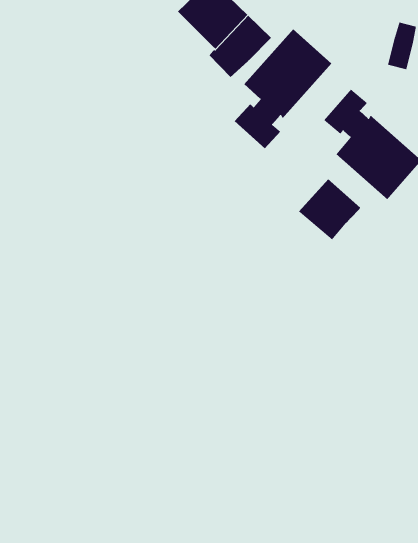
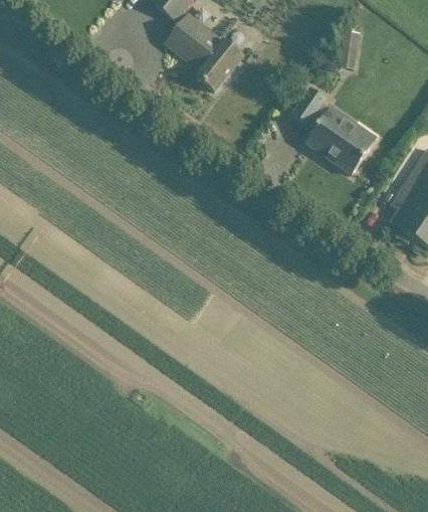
building: [234,28,332,149] -> none
building: [298,178,361,241] -> none

